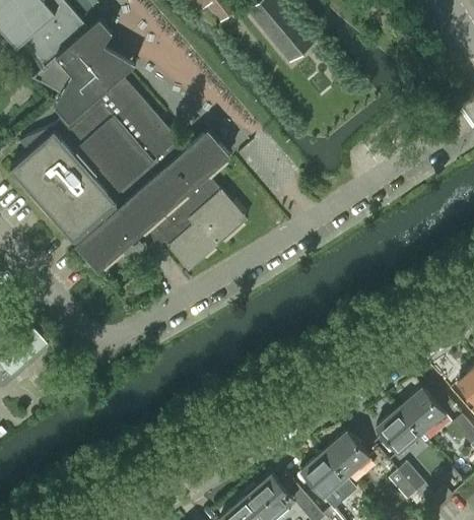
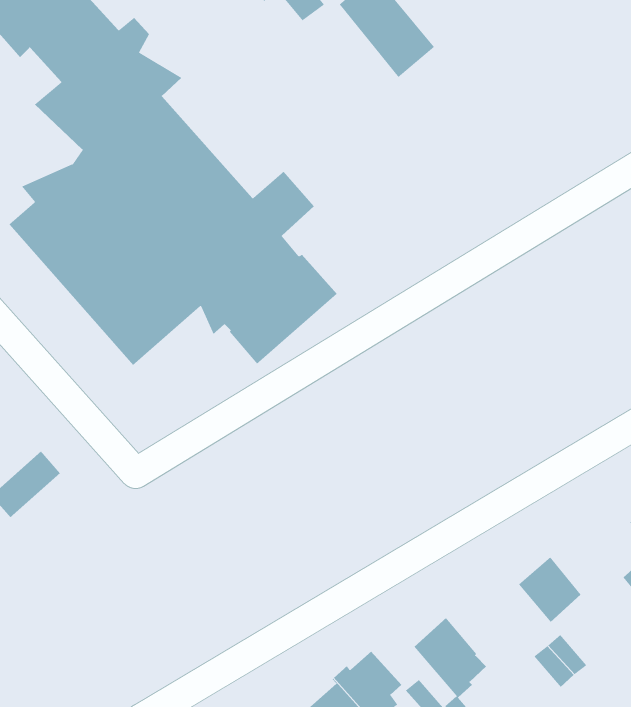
building: [400,389,445,436] -> none
building: [325,433,369,478] -> none

